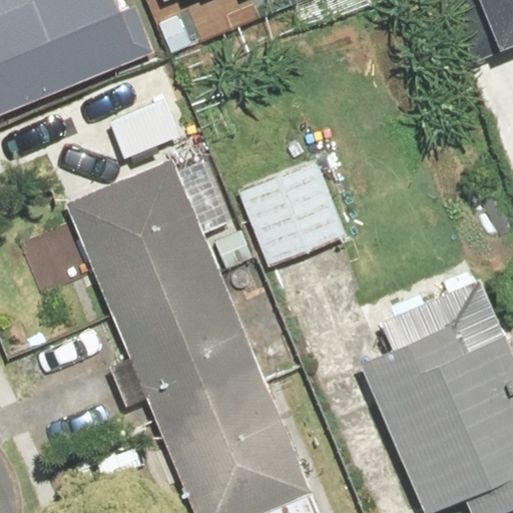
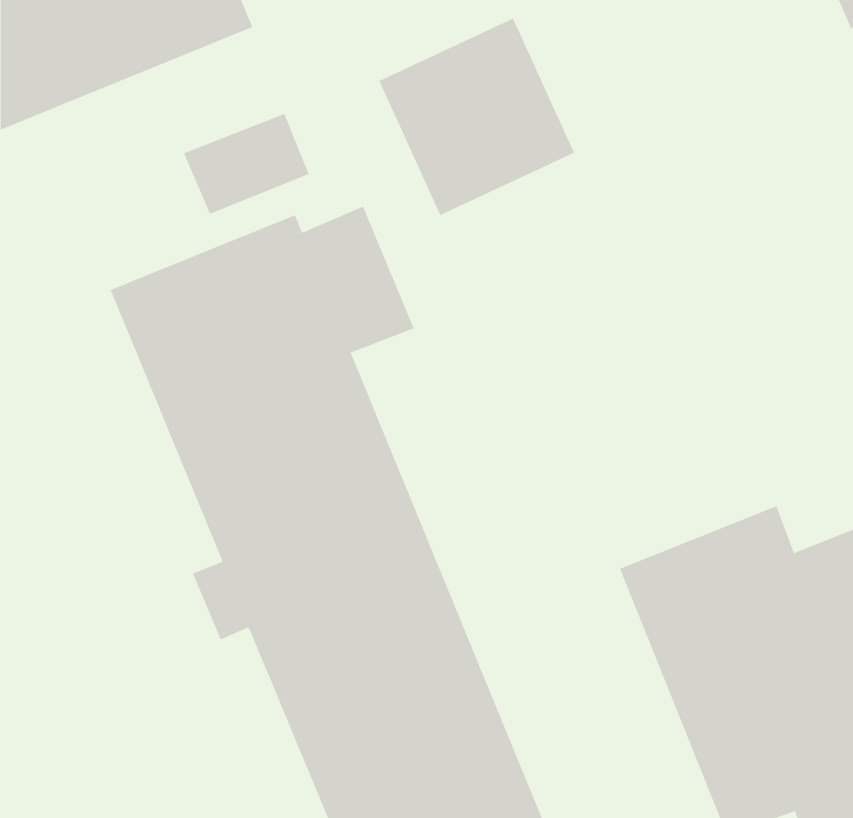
building: [235,155,348,269] -> [379,18,575,216]

